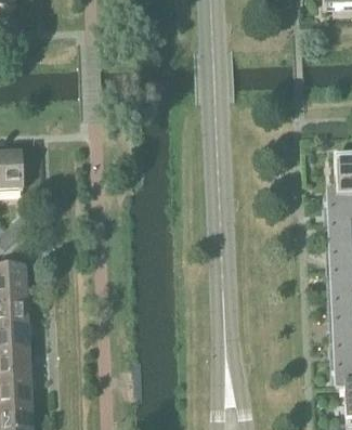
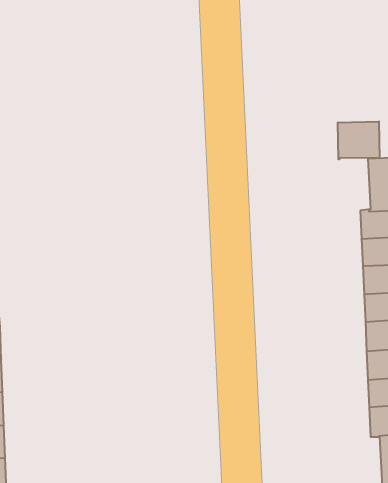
building: none -> [338,121,379,159]

